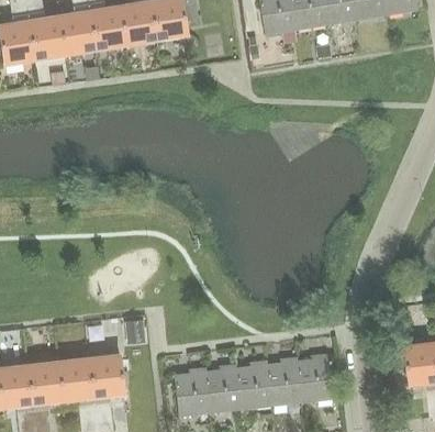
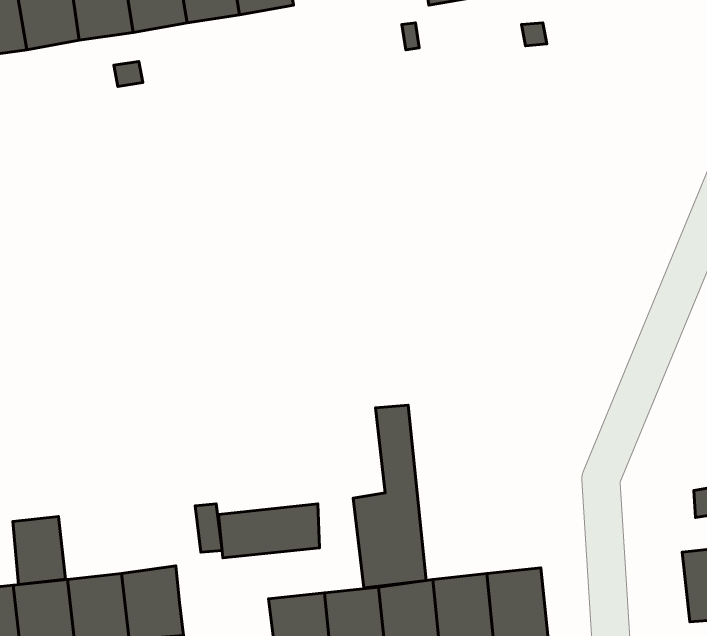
building: none -> [353,405,426,588]
building: none -> [219,504,320,558]
building: none -> [13,516,66,585]

